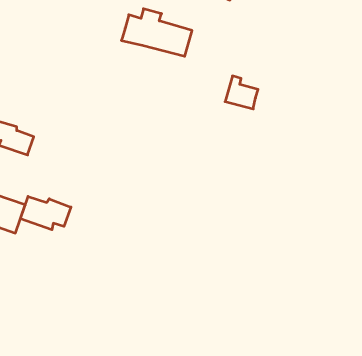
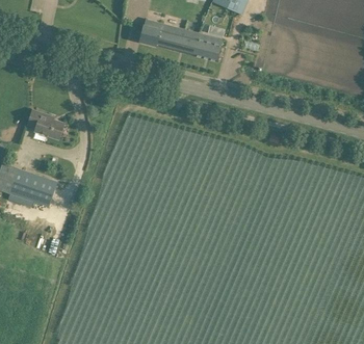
building: [225,76,258,109] -> [193,33,222,61]
building: [20,196,71,230] -> none

